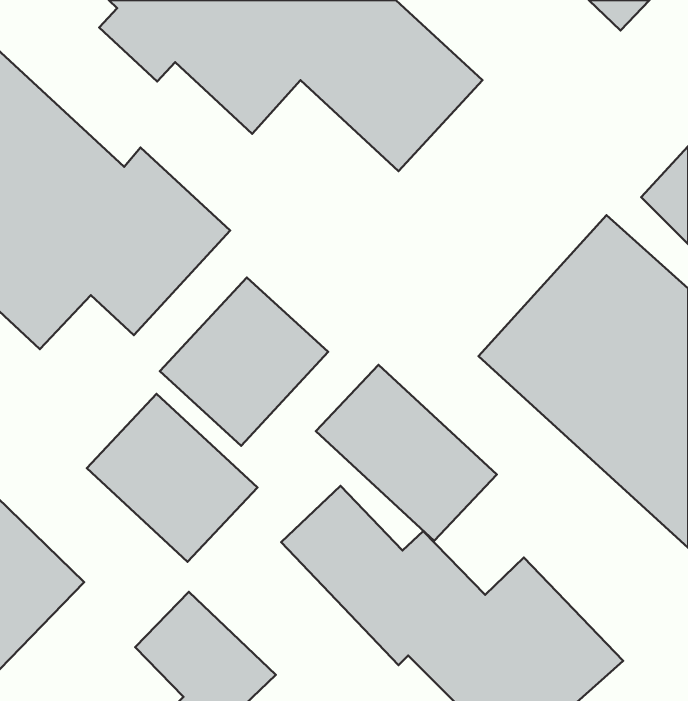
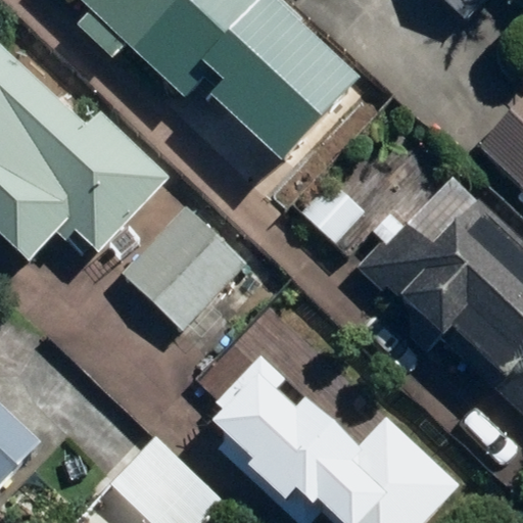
building: [316,365,497,541] -> none
building: [87,394,257,562] -> none

